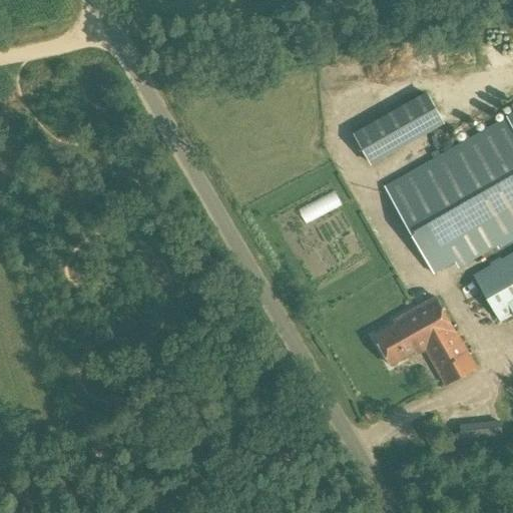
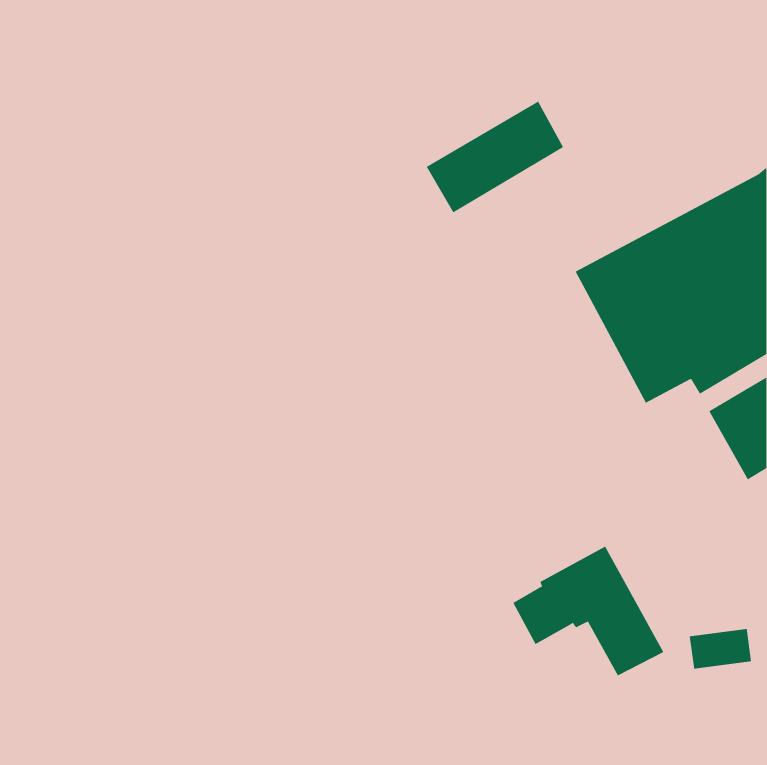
building: [355,93,447,168] -> [426,101,564,213]
building: [376,298,477,385] -> [513,546,664,676]

